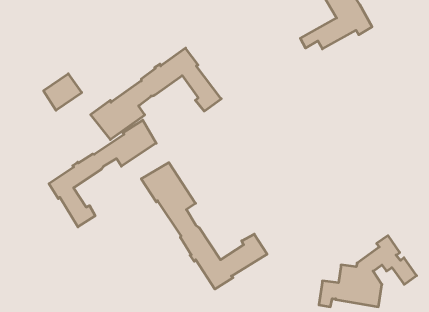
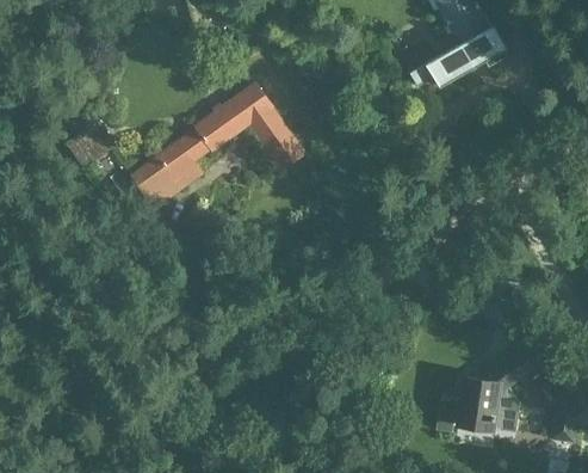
building: [49,120,156,227] -> none
building: [141,163,267,289] -> none

